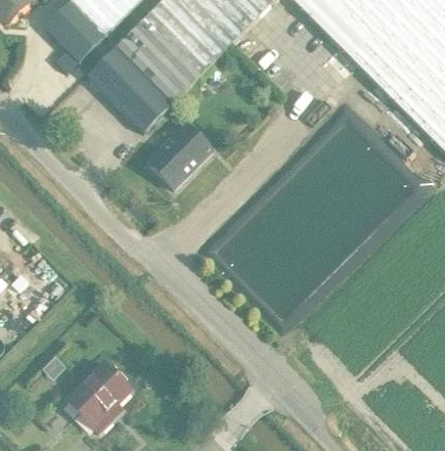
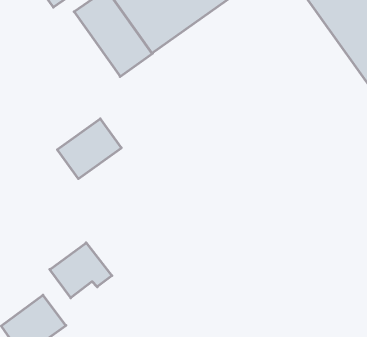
building: [150,126,214,189] -> [57,119,121,179]
building: none -> [50,243,112,298]

